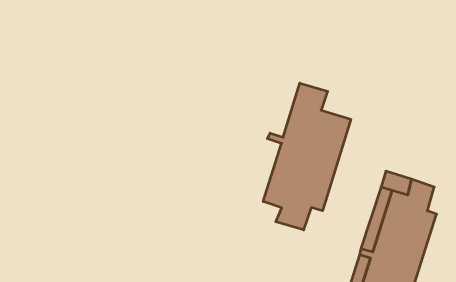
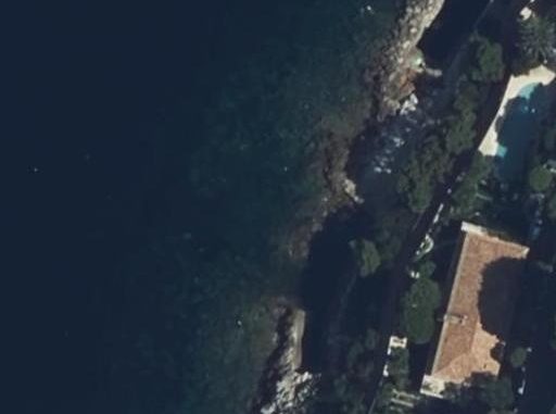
building: [263,83,351,230] -> none

